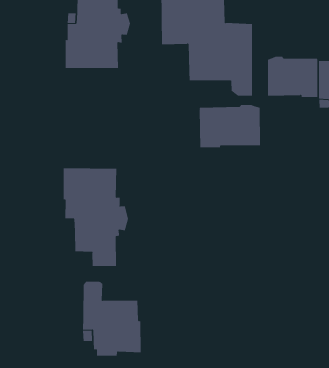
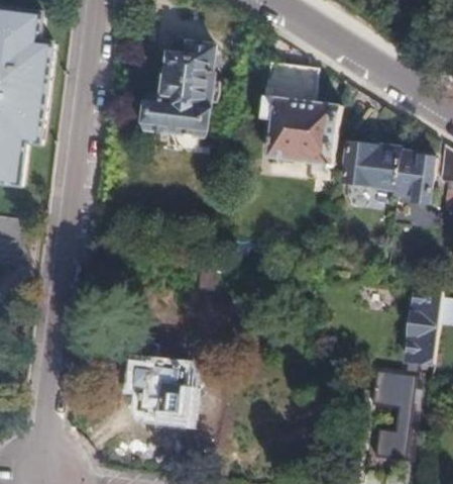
building: [199,104,261,148] -> none
building: [63,167,129,267] -> none

